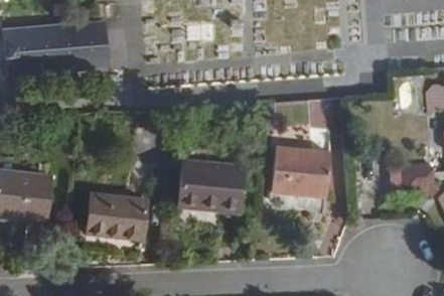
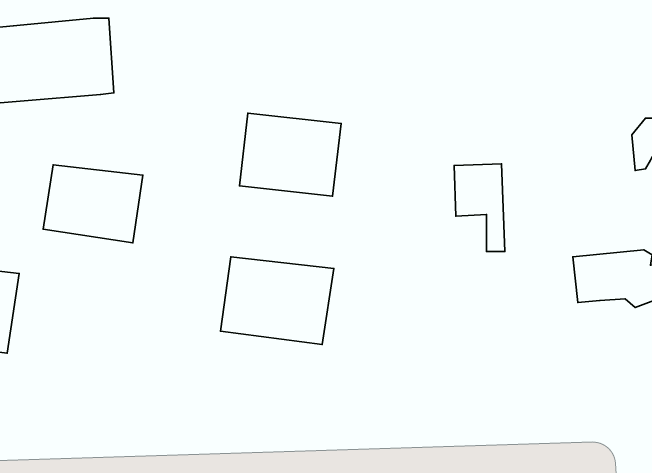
building: [266,147,326,196] -> [240,113,341,196]
building: [87,192,146,239] -> [43,165,143,243]

